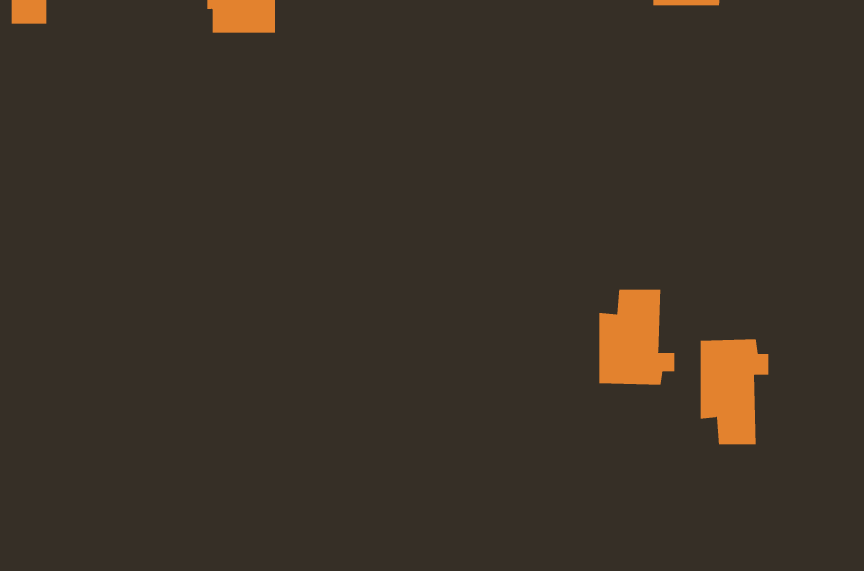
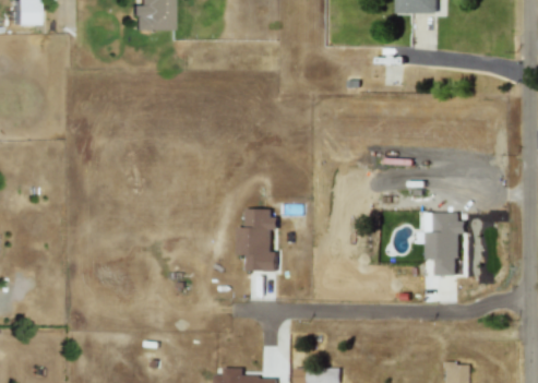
building: [599,289,675,385] -> none
building: none -> [237,208,279,271]

